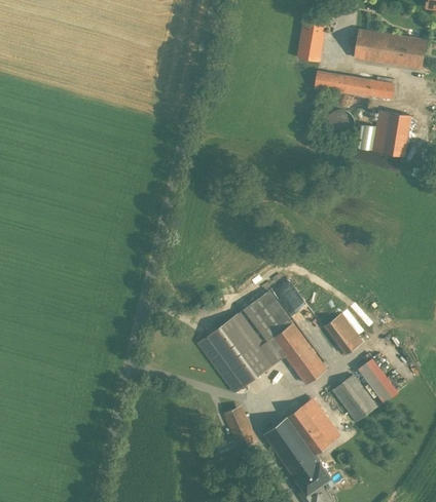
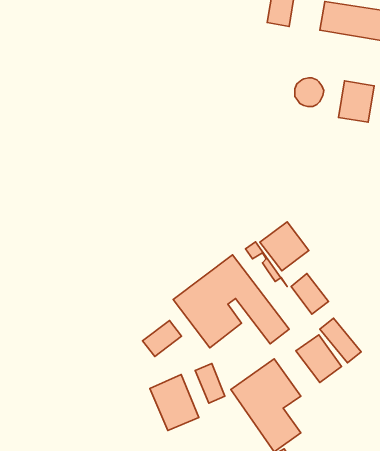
building: [318,72,396,100] -> none
building: none -> [260,222,309,271]
building: none -> [143,321,182,356]
building: none -> [150,375,199,431]

